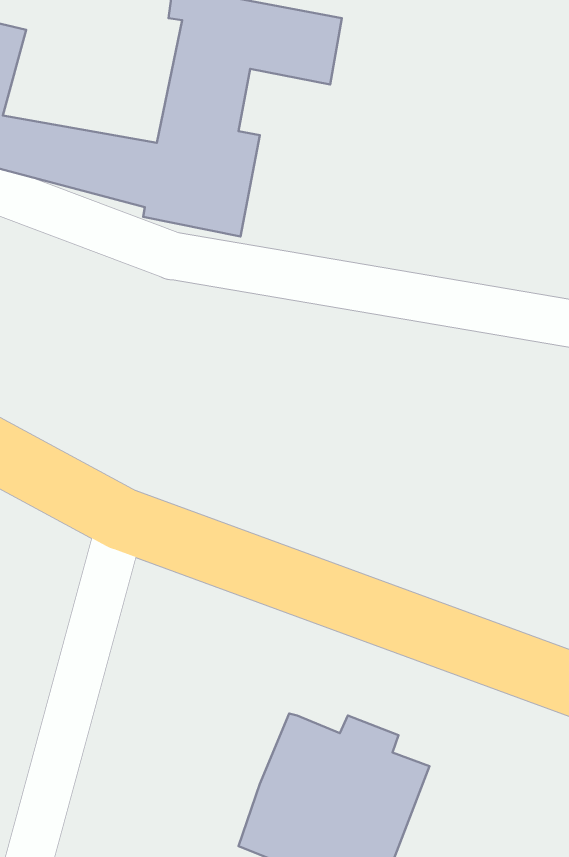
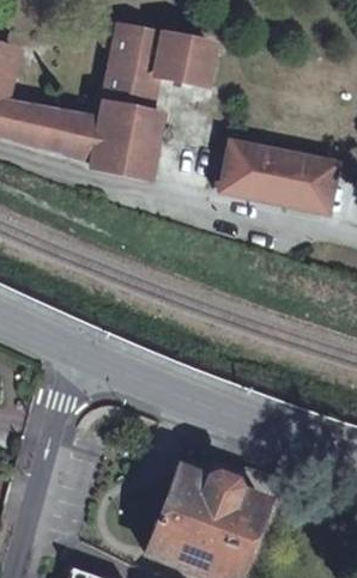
building: none -> [219,141,338,212]

